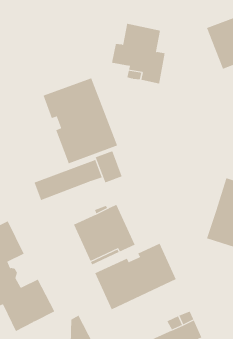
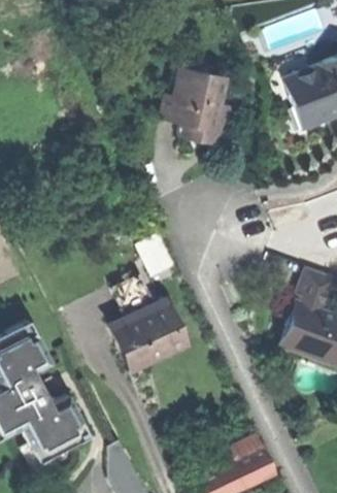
building: [43,77,118,164] -> none
building: [34,159,102,201] -> none
building: [95,243,176,310] -> none

